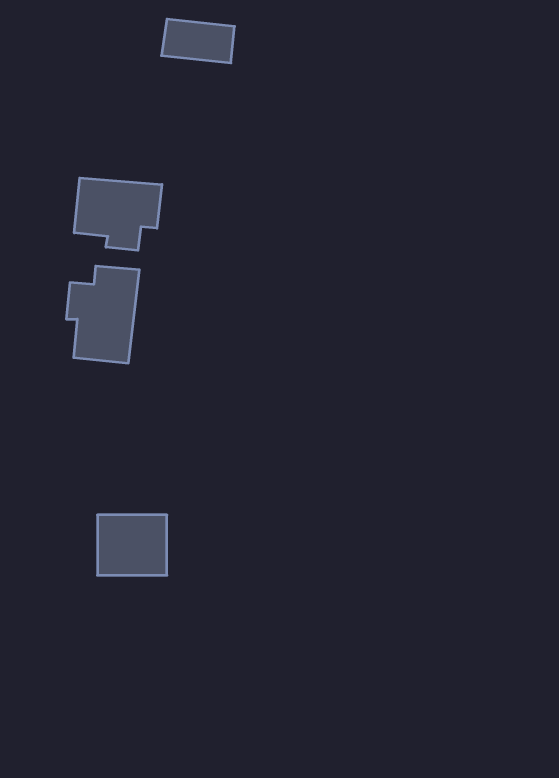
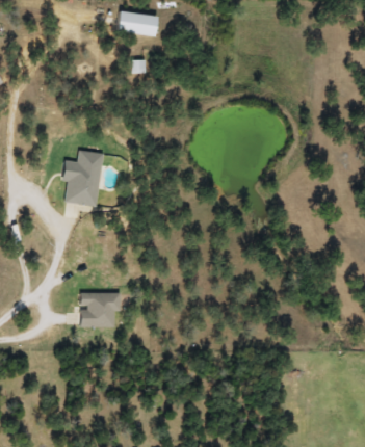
building: [74,178,162,250] -> none

